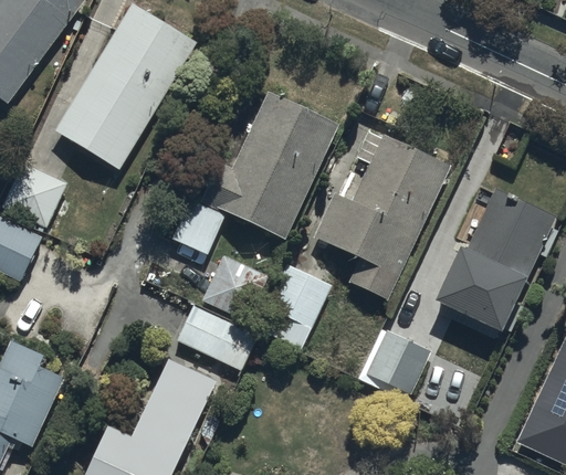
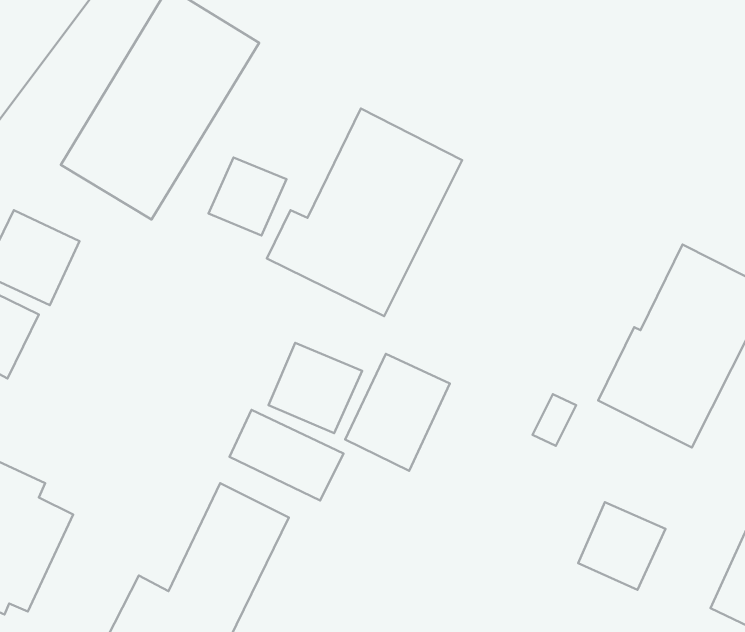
building: [313,130,448,299] -> none
building: [169,199,224,254] -> [208,157,287,235]
building: [367,331,429,393] -> [578,502,666,590]

